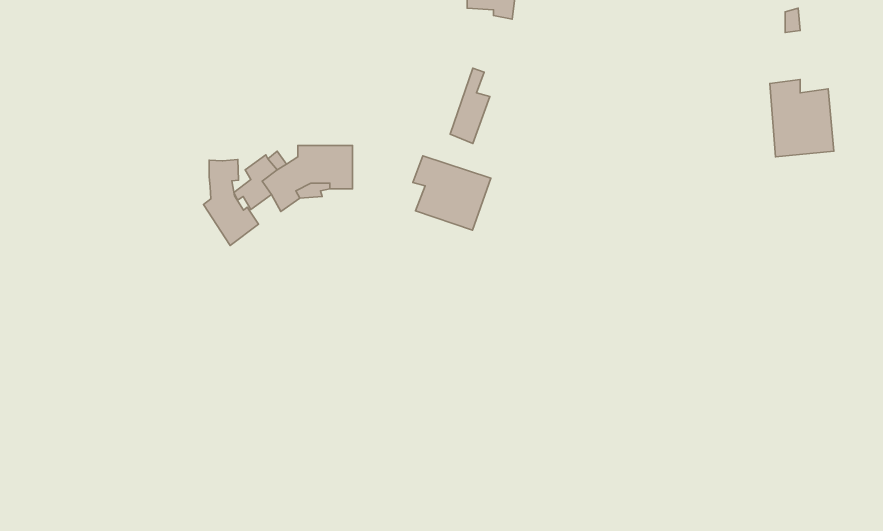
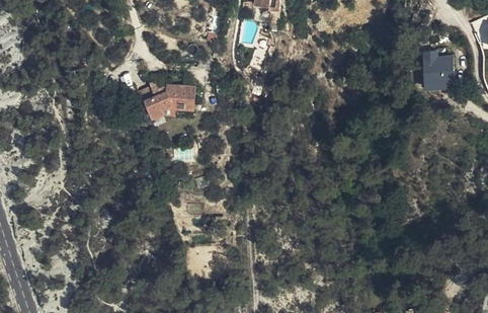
building: [413,156,491,230] -> none
building: [204,159,258,245] -> none

